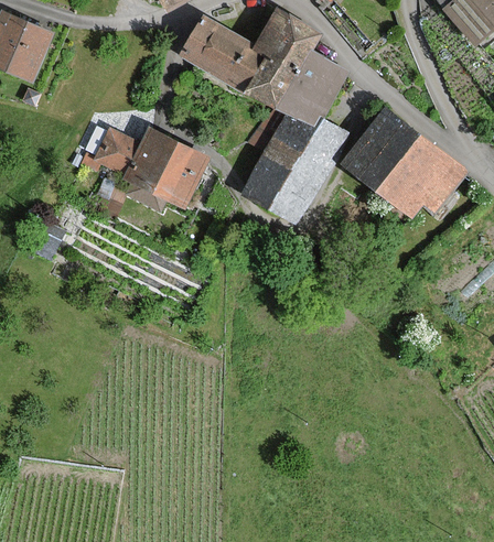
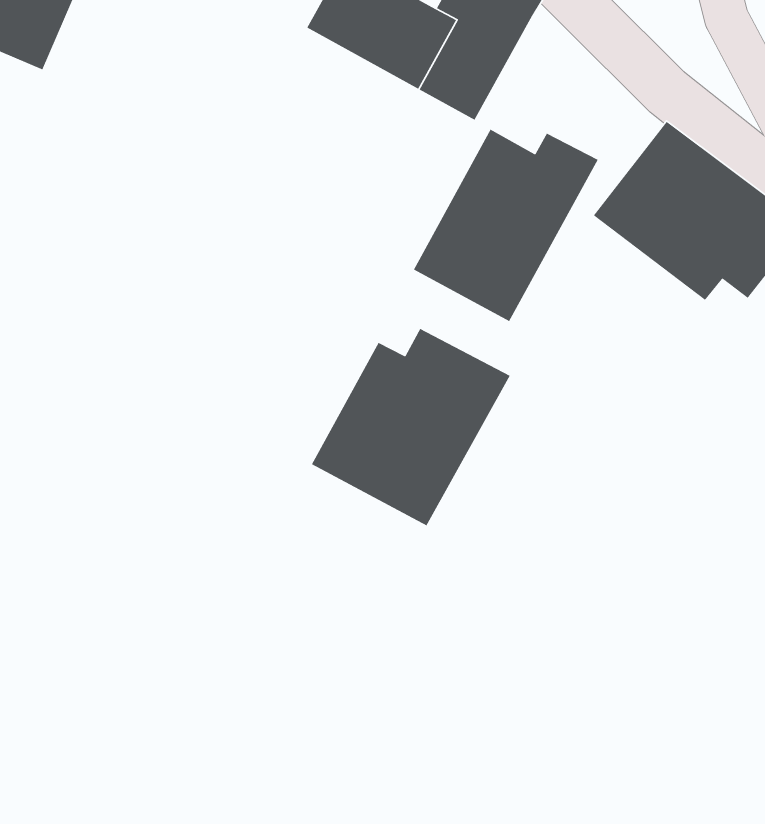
building: [277,50,348,128] -> none
building: [94,127,210,208] -> none
building: none -> [311,328,511,527]

